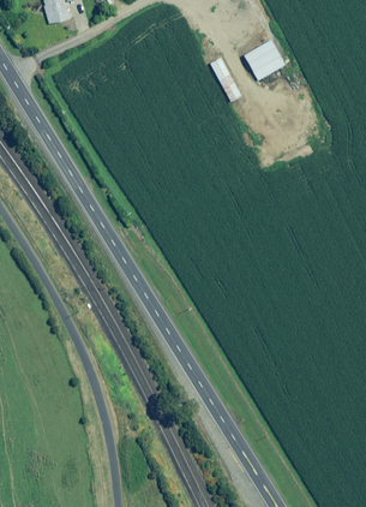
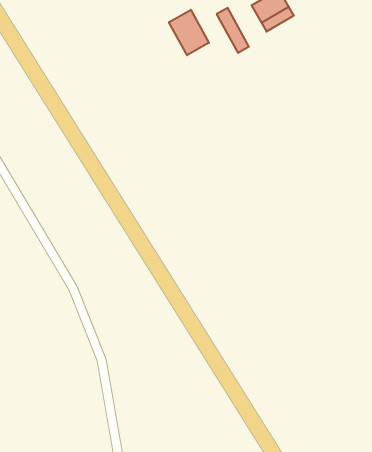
building: none -> [169,10,209,55]

